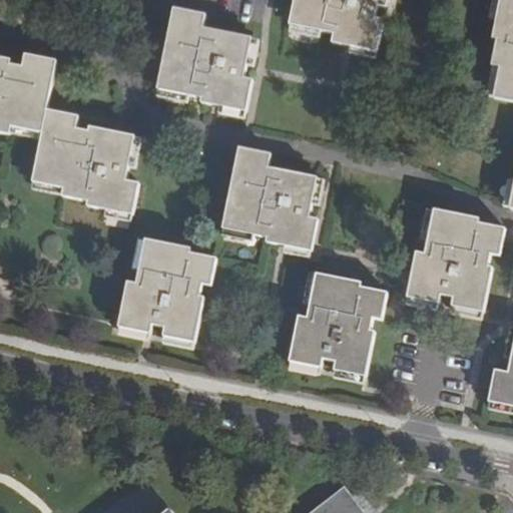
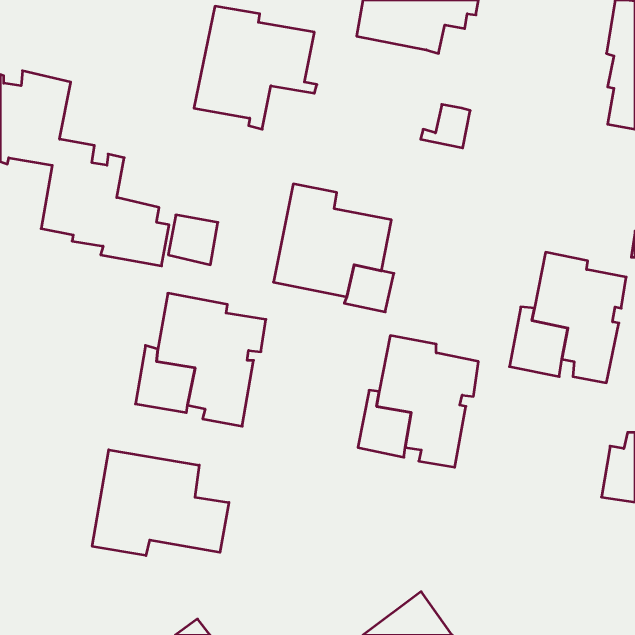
building: [342,20,382,55] -> [421,104,470,148]
building: [211,69,253,111] -> none
building: [94,127,134,167] -> [168,215,218,265]
building: none -> [92,450,229,556]

